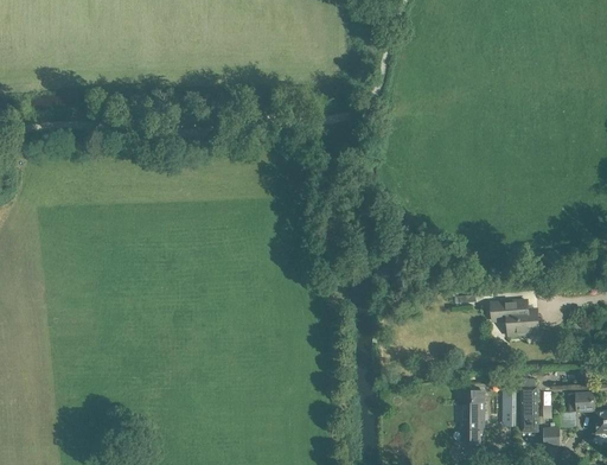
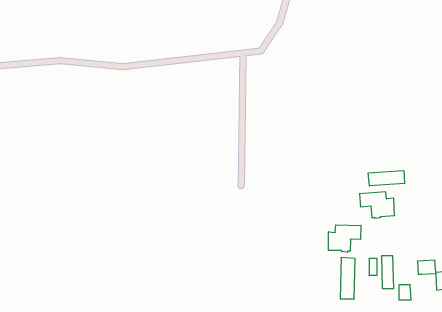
building: none -> [368,171,405,186]
building: none -> [328,225,361,252]

